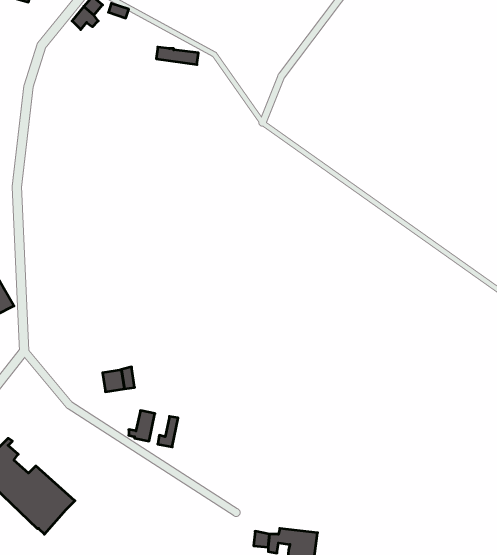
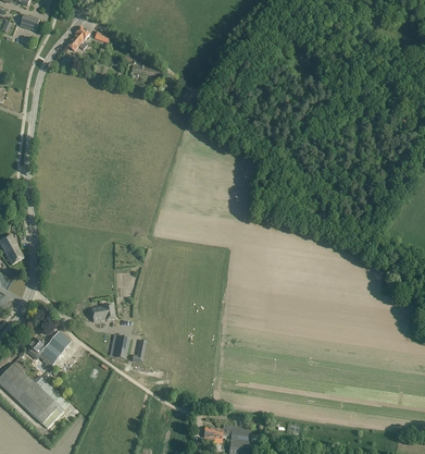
building: none -> [30,331,70,369]

